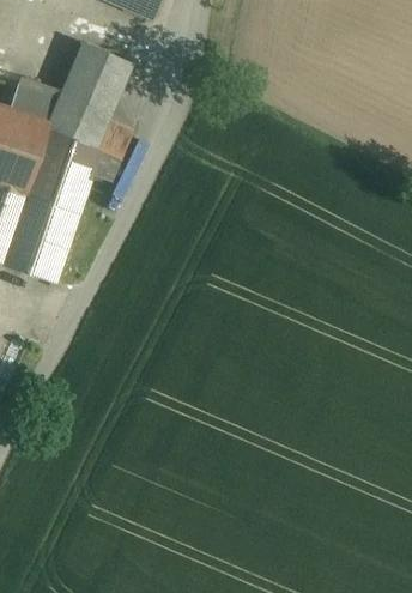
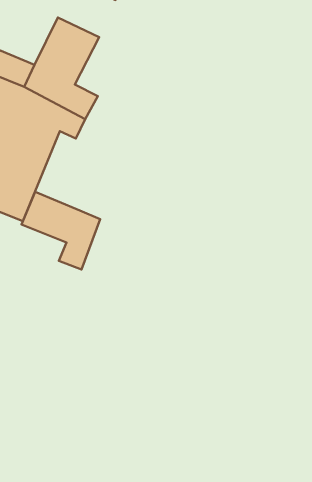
building: none -> [21,192,100,269]

